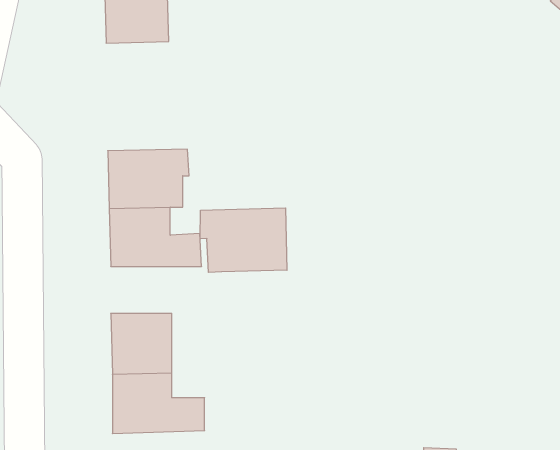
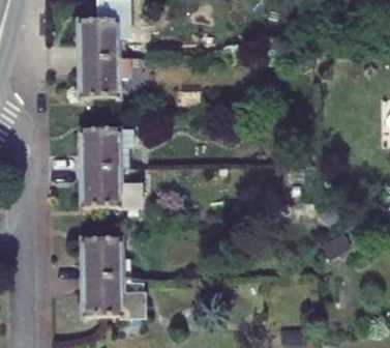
building: none -> [79,58,124,97]
building: [200,208,287,272] -> none

